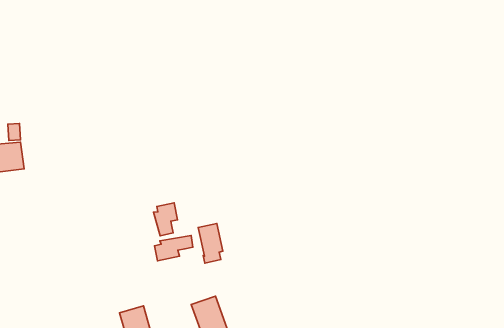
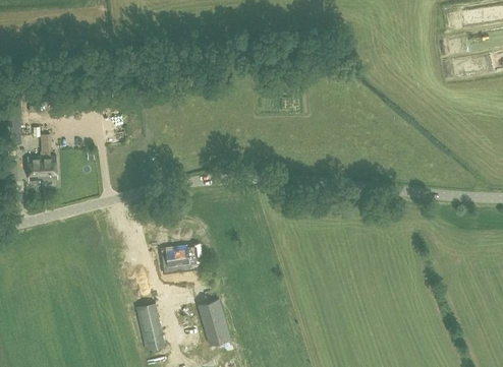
building: [154,203,177,236] -> none
building: [198,224,223,263] -> none

